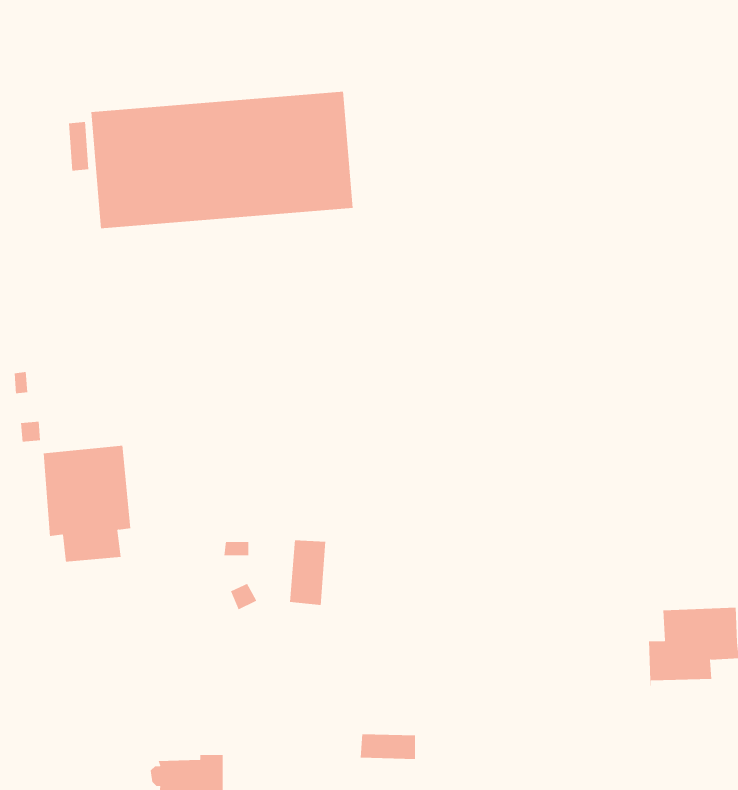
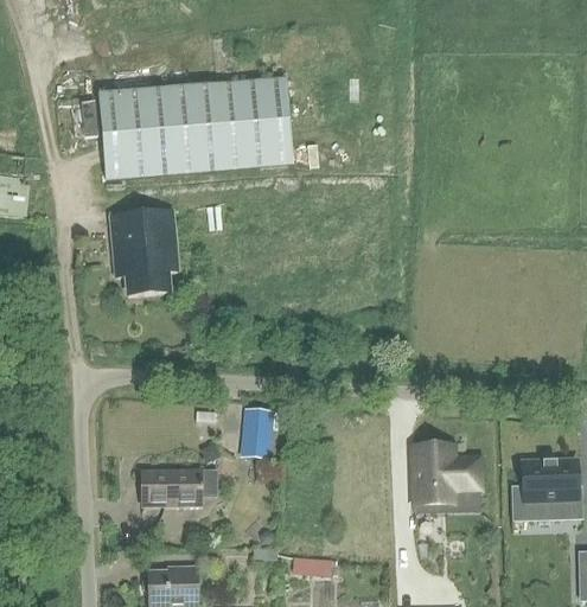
building: [43,445,131,562] -> [113,210,178,296]
building: none -> [414,442,480,504]
building: none -> [142,469,204,506]

